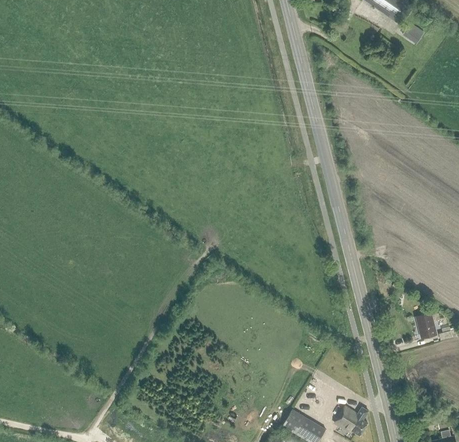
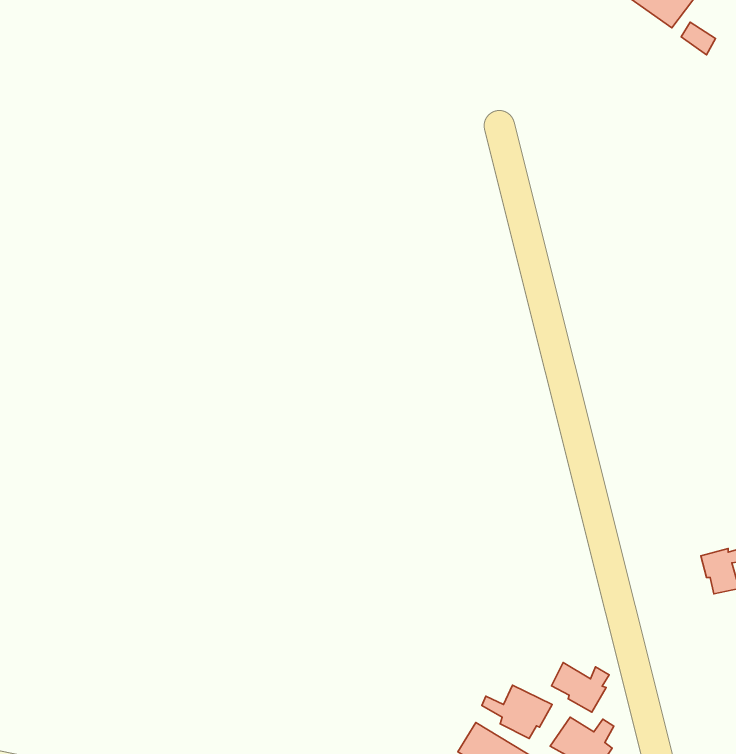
building: none -> [551,662,609,712]
building: none -> [482,685,552,738]

